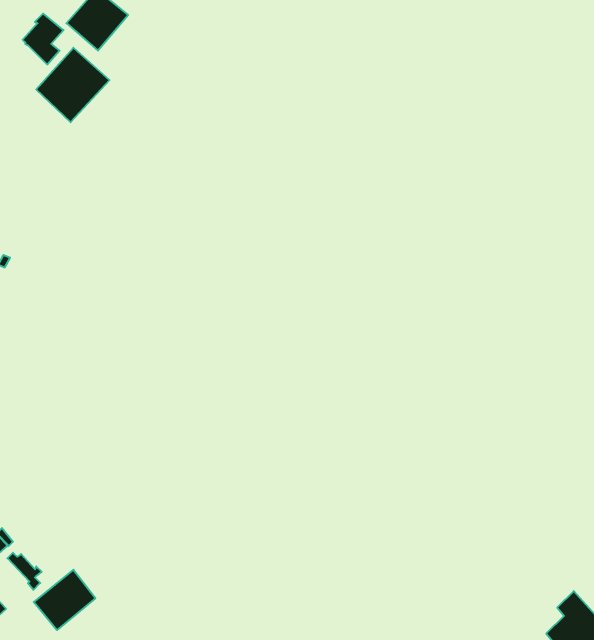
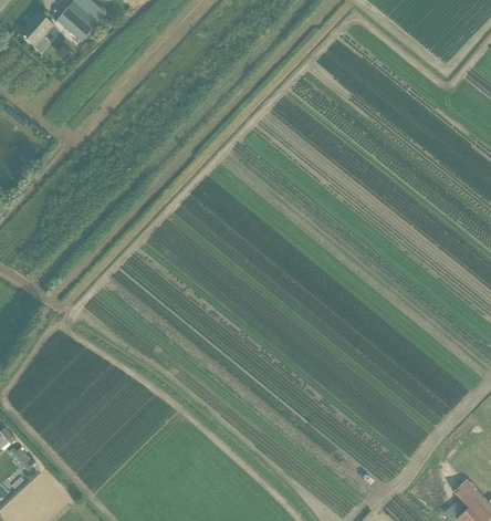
building: [36,48,109,122] -> none
building: [34,570,95,630] -> none

